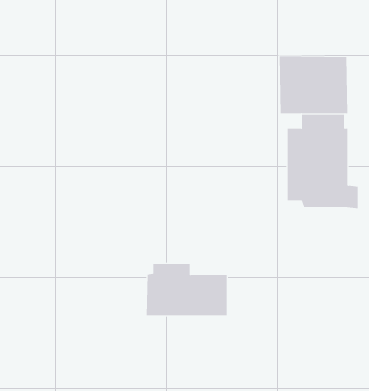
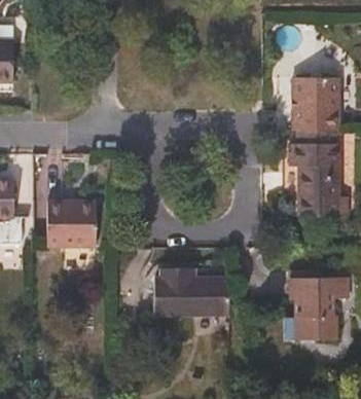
building: none -> [47,201,97,246]
building: none -> [291,269,350,340]

